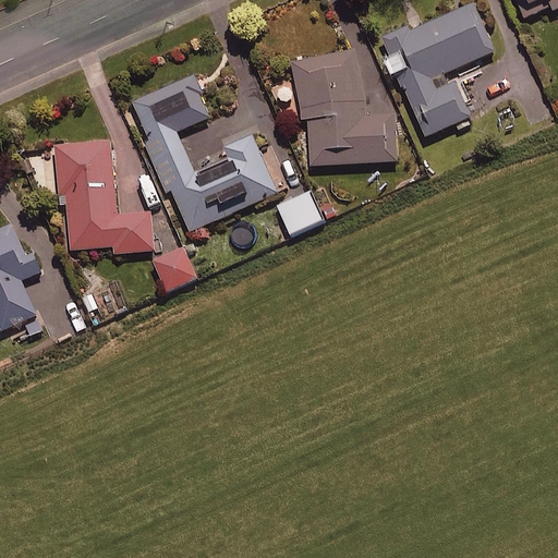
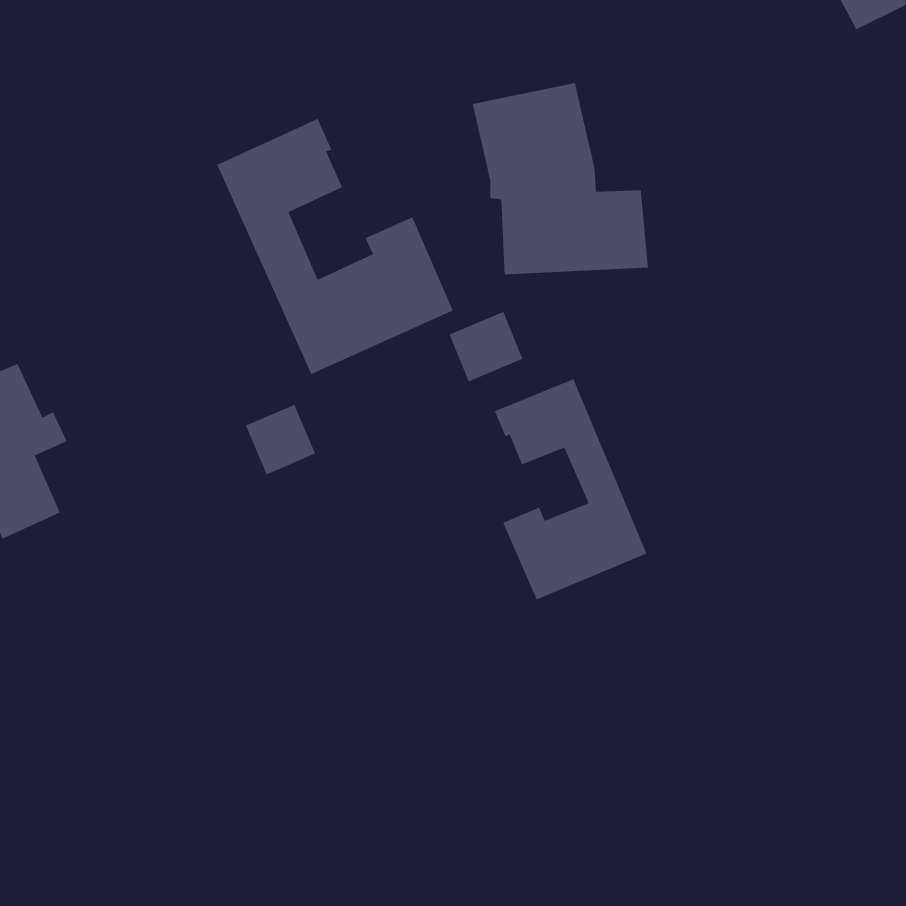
building: [378,4,492,137] -> none
building: [53,138,154,252] -> none
building: none -> [494,378,648,600]

